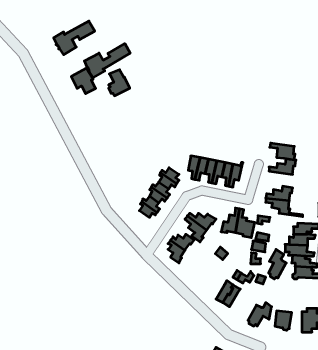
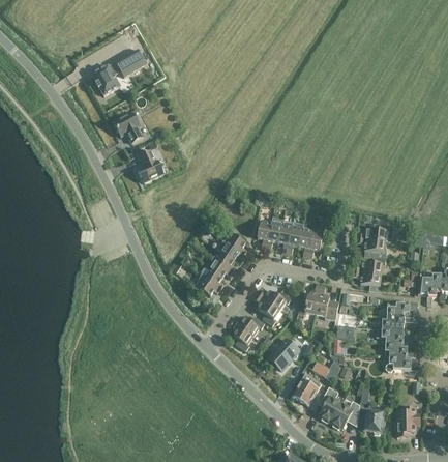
building: [84,44,130,77] -> none
building: [109,70,130,96] -> [136,150,161,182]
building: [270,143,295,160] -> [356,237,387,258]
building: [269,249,286,279] -> [320,385,341,422]
building: none -> [268,338,299,369]

